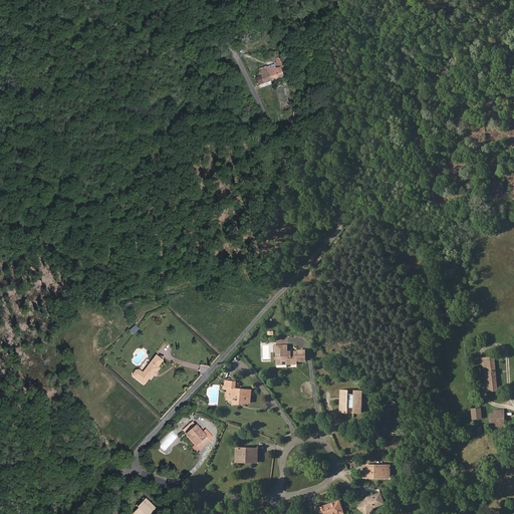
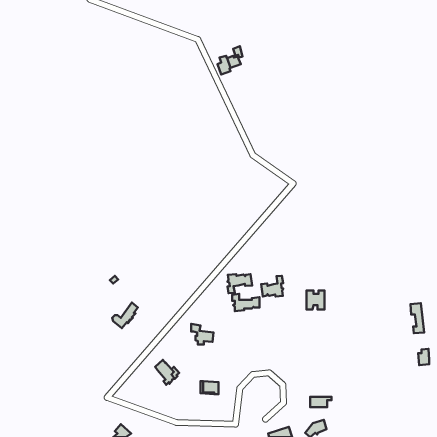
building: none -> [227,274,252,293]
building: none -> [261,276,283,297]
building: [339,390,360,412] -> [307,291,325,309]

